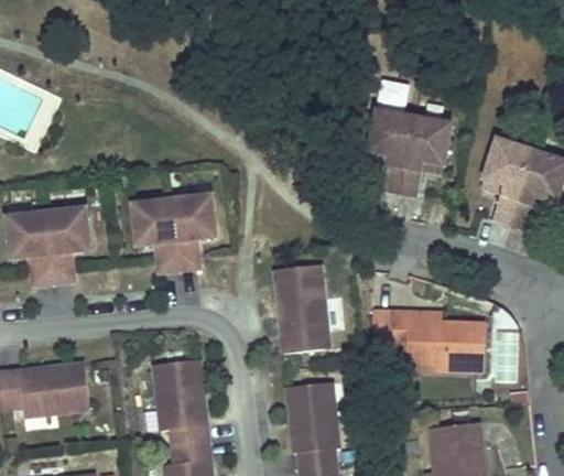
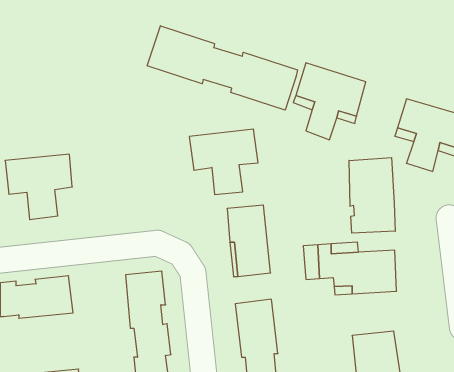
building: none -> [147,26,297,110]
building: [132,193,216,272] -> [189,129,258,195]
building: none -> [349,158,395,233]

